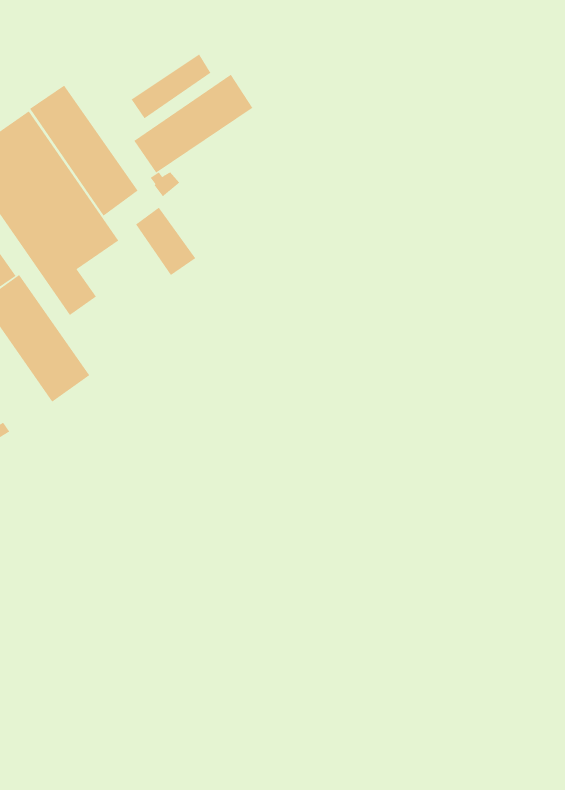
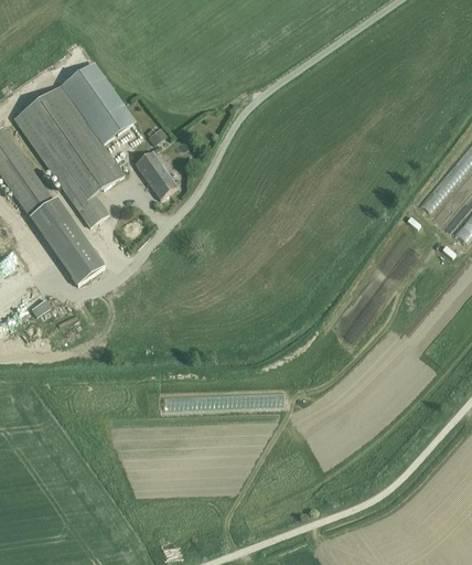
building: [131,54,211,119] -> none
building: [133,74,253,173] -> none

